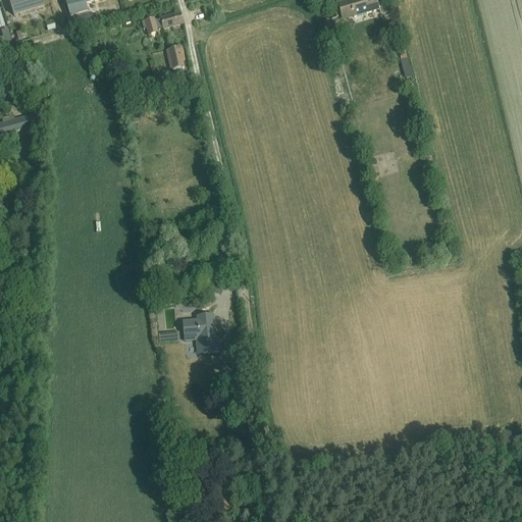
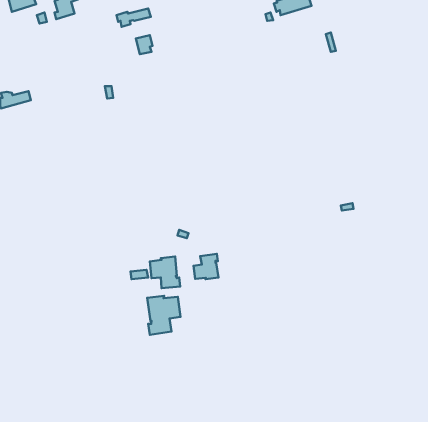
building: none -> [193,254,218,279]
building: none -> [147,296,180,335]

